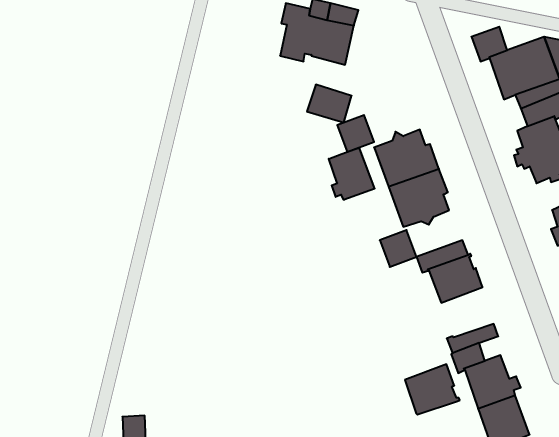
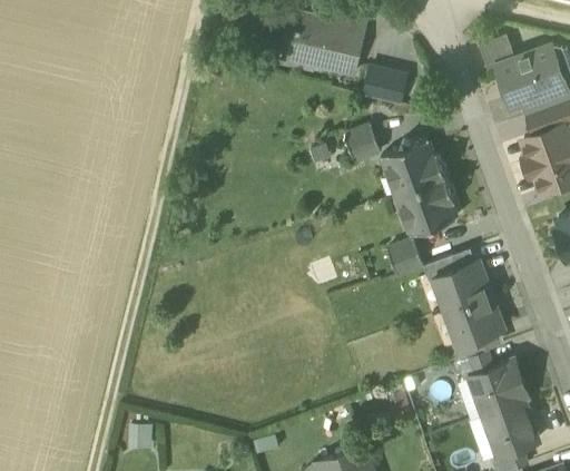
building: [307,85,352,123] -> [363,68,407,106]
building: [329,148,375,200] -> none
building: [405,364,460,415] -> [448,295,502,345]

